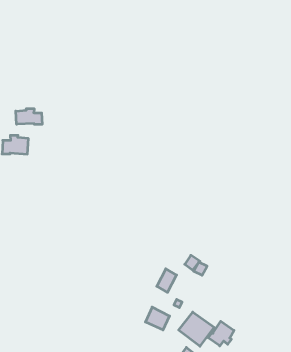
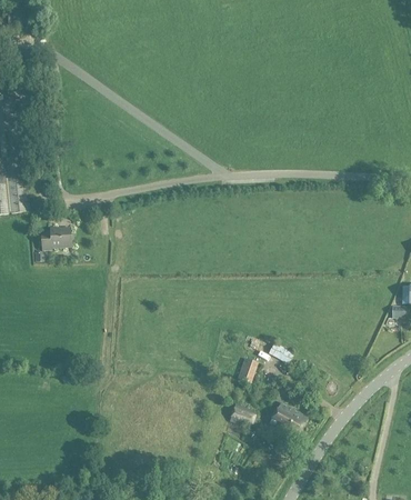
building: [16,109,42,124] -> none
building: [208,321,234,346] -> none

